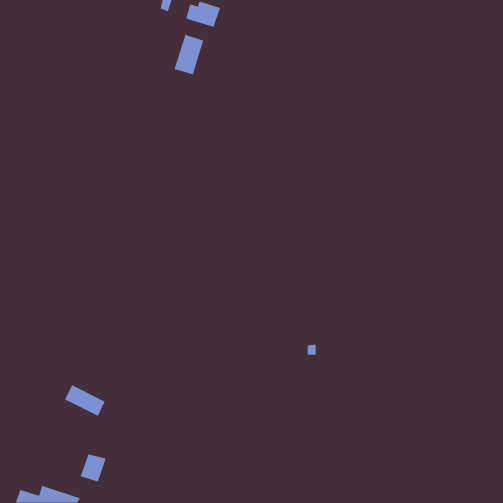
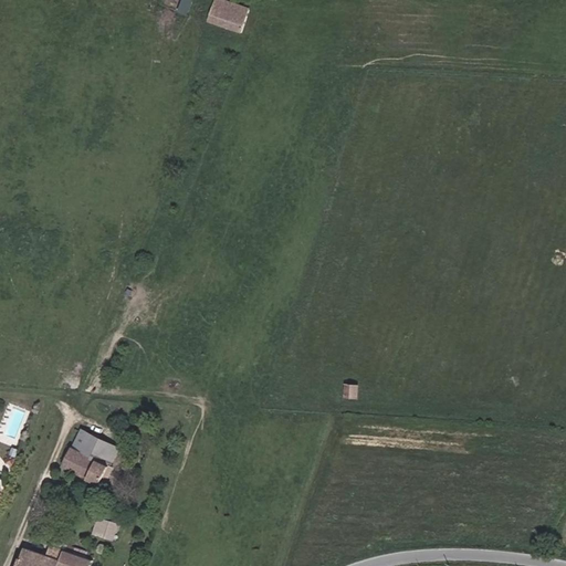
building: [174,34,204,75] -> none
building: none -> [62,447,112,486]

